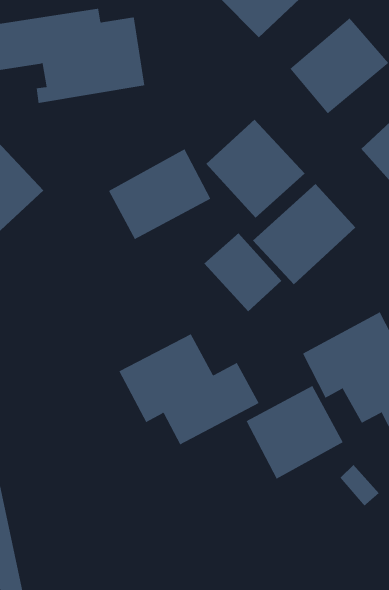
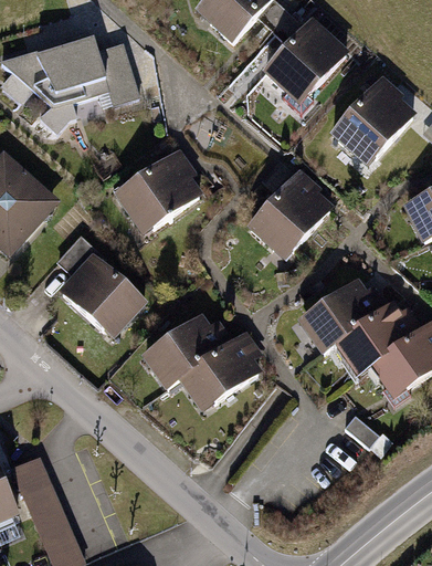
building: [206,119,305,218] -> none
building: [203,232,282,312] -> none
building: none -> [54,250,146,339]
building: [246,385,343,479] -> none

